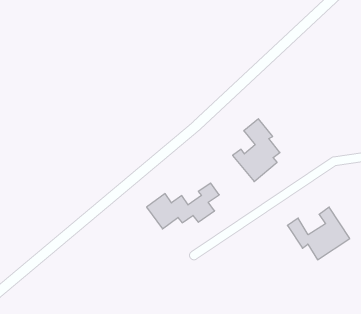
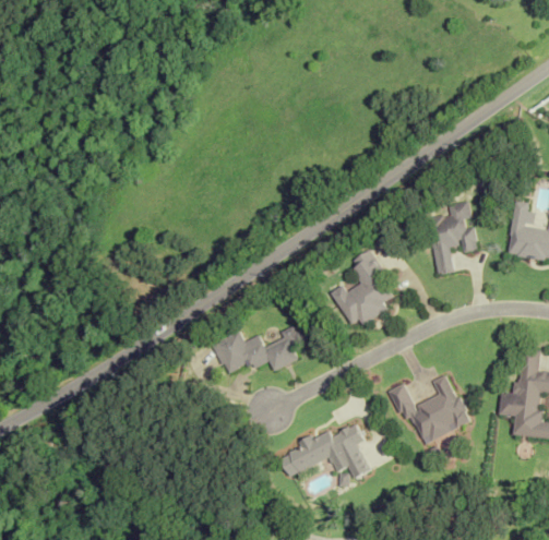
building: none -> [428,201,476,274]
building: none -> [281,425,371,477]

